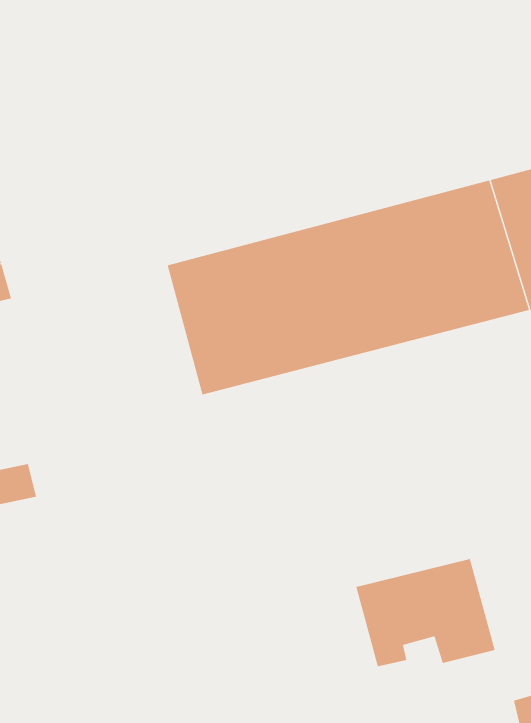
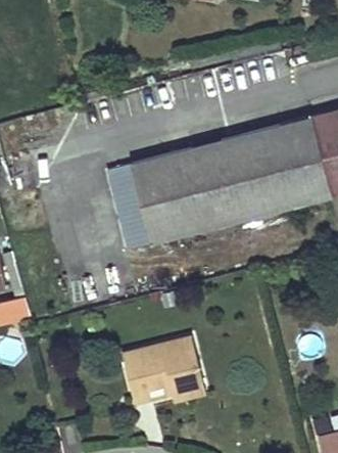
building: [356,559,495,667] -> [122,336,207,403]

